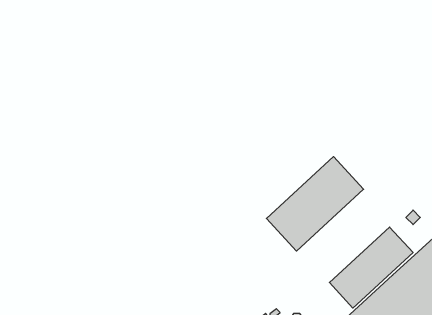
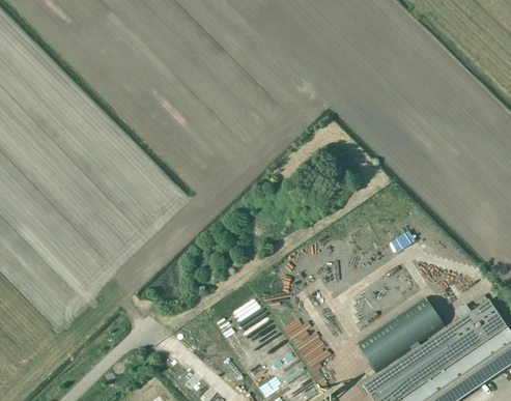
building: [266,157,364,251] -> none

